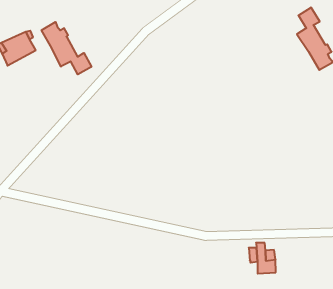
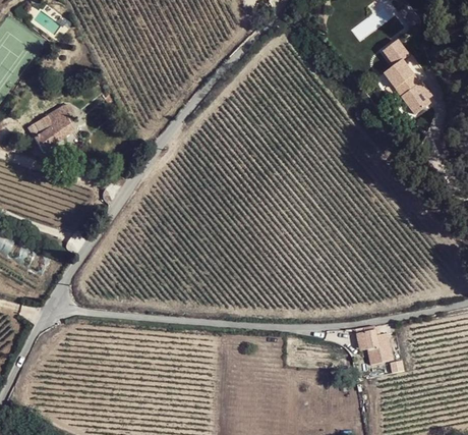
building: [42,22,91,74] -> none

